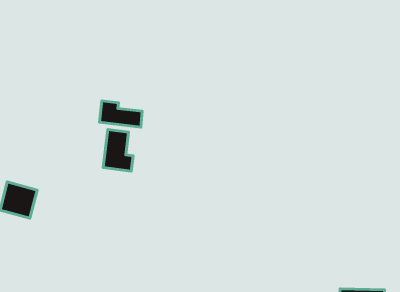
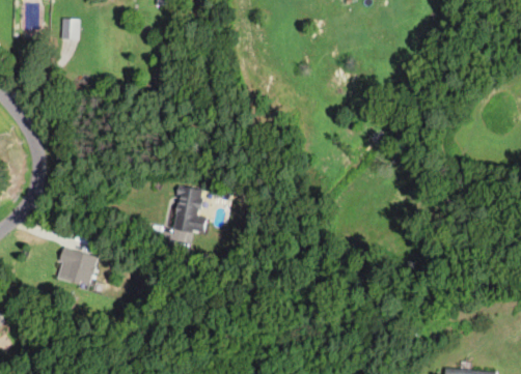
building: [99,101,142,127] -> none

